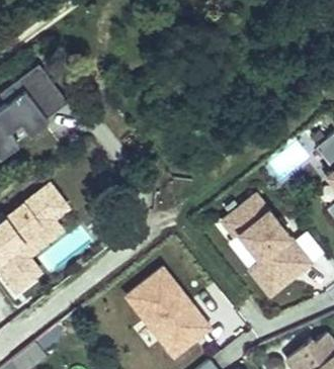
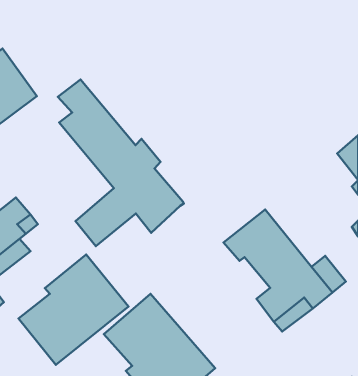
building: none -> [58,80,184,246]
building: none -> [19,255,128,365]

